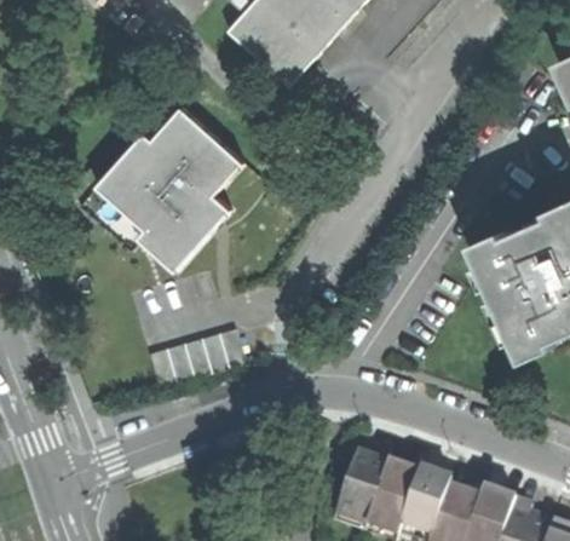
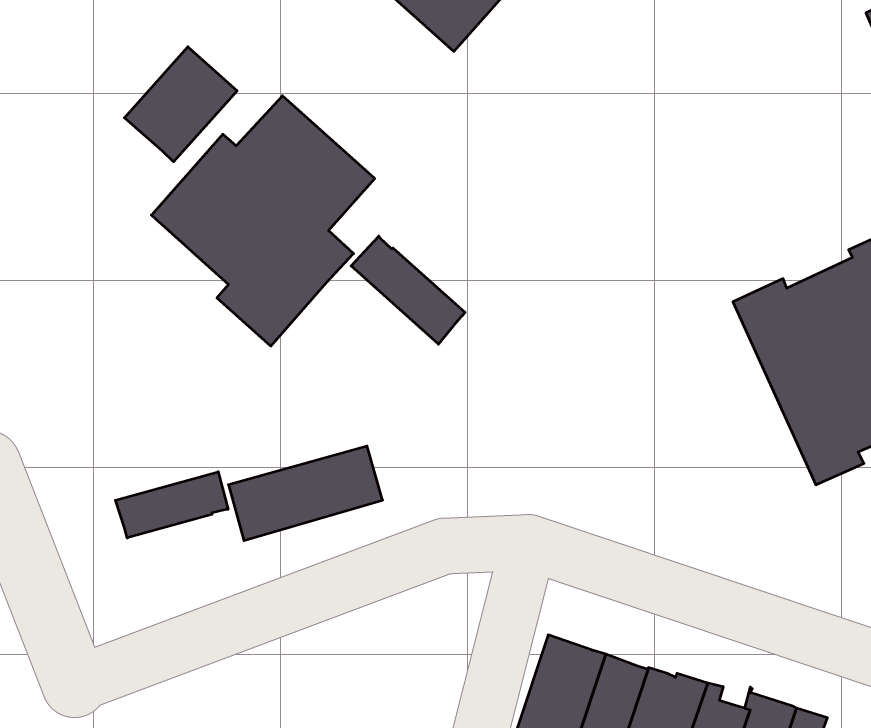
building: none -> [124,47,237,162]
building: none -> [351,236,465,344]
building: none -> [115,472,228,538]

